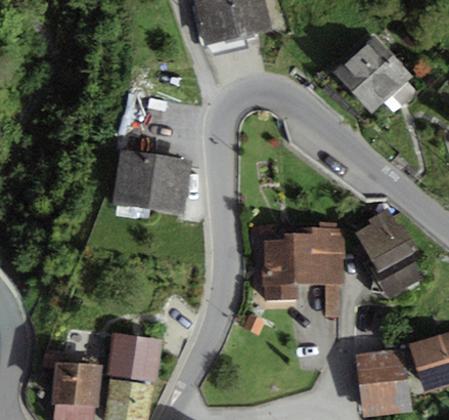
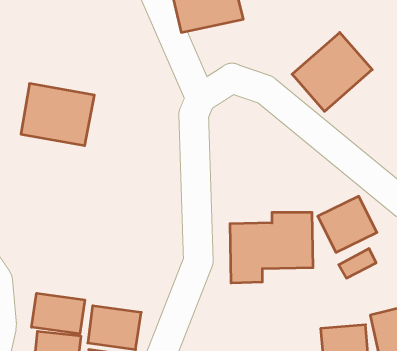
building: [106,154,185,220] -> [21,84,94,146]
building: none -> [32,293,85,334]

